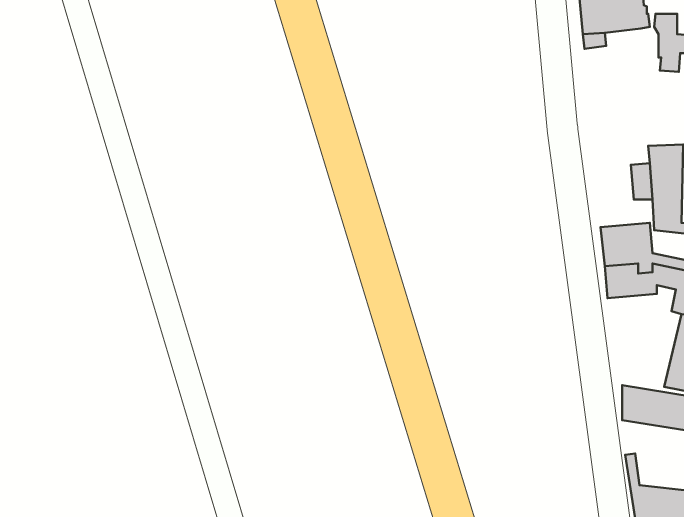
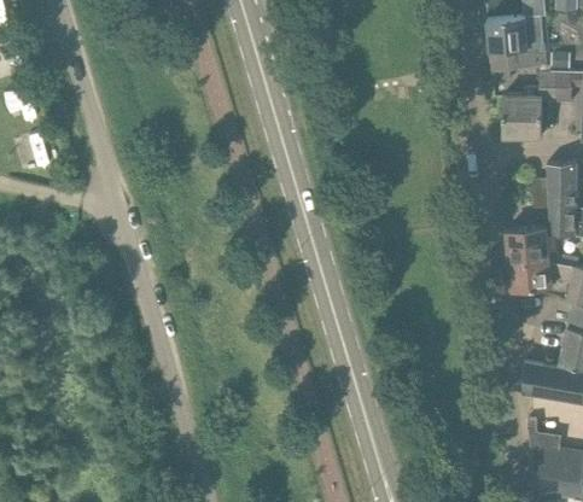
building: none -> [503,64,558,136]

